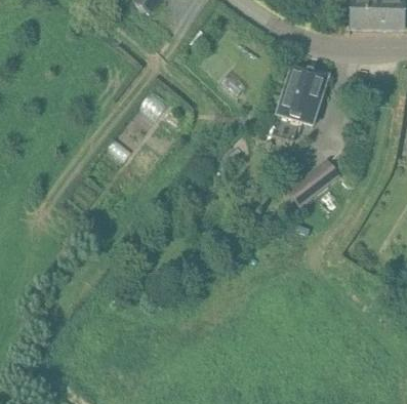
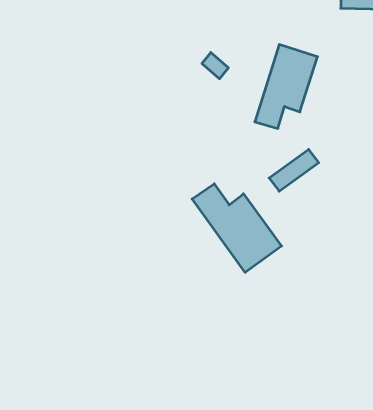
building: none -> [192,184,282,272]

